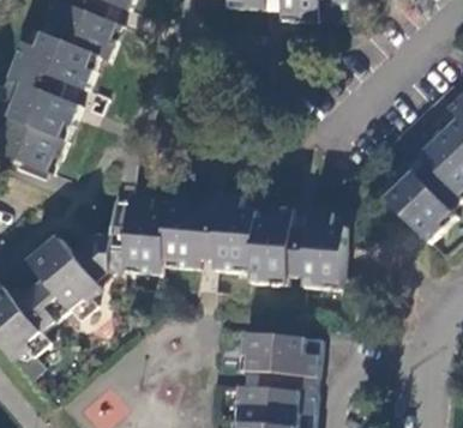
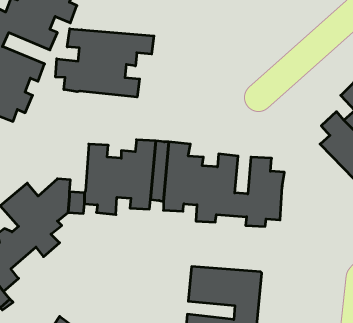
building: none -> [56,29,154,97]

